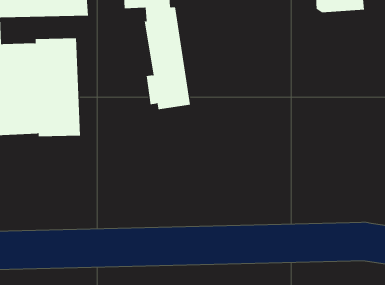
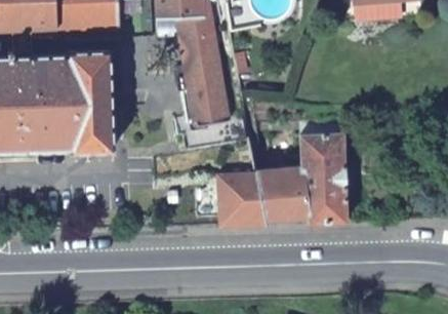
building: none -> [212,132,345,226]

